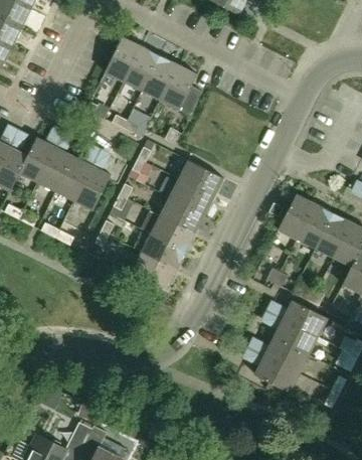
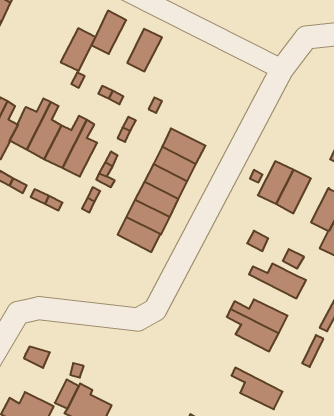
building: [123,46,159,91] -> [61,28,95,71]
building: [160,64,202,115] -> none
building: [315,211,351,257] -> none
building: [264,311,318,354] -> [231,368,283,409]

